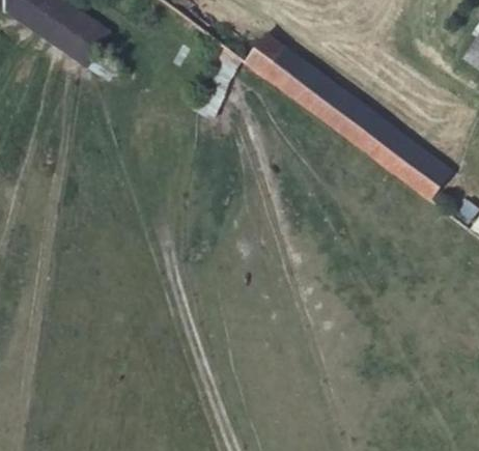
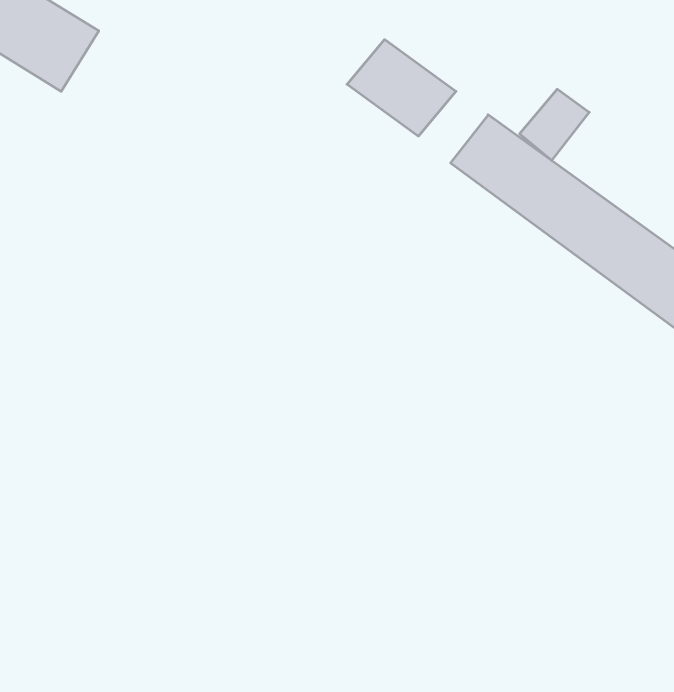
building: [287,64,328,106] -> [520,89,589,161]

